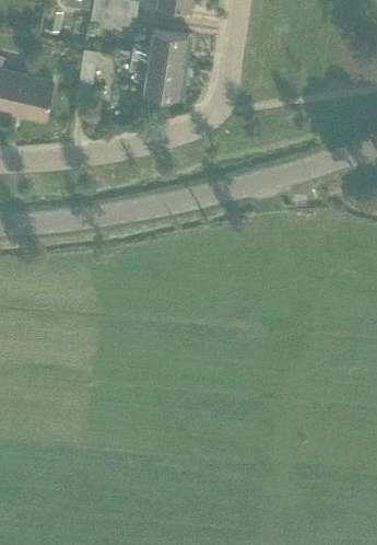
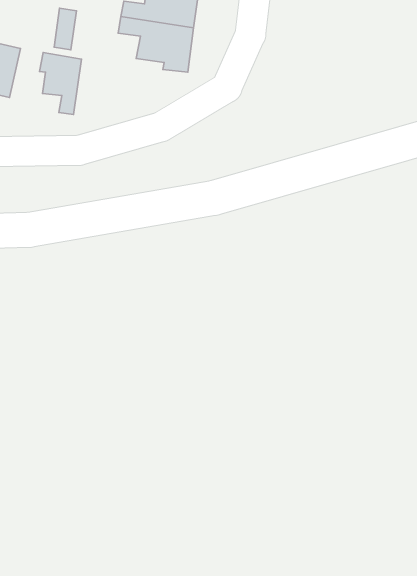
building: none -> [39,53,81,114]

